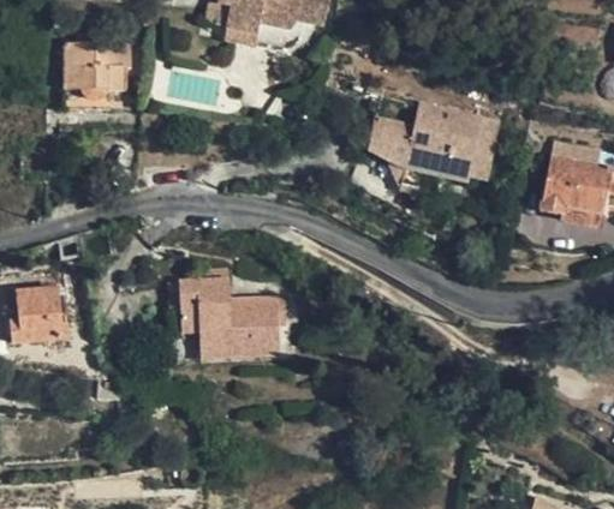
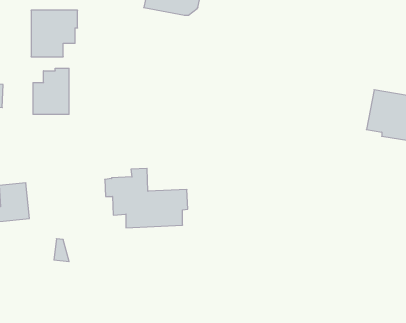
building: [366,103,500,198] -> none
building: none -> [33,68,69,114]

